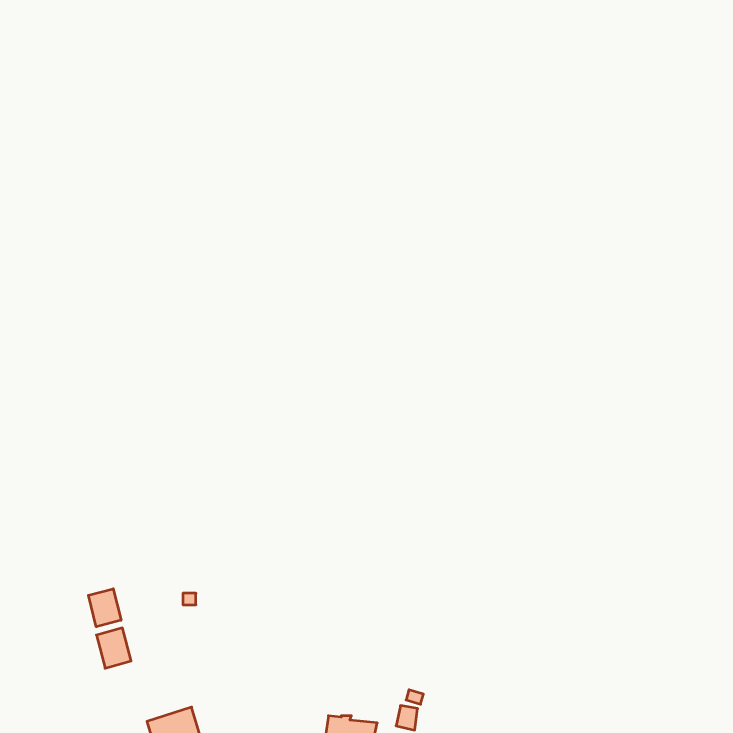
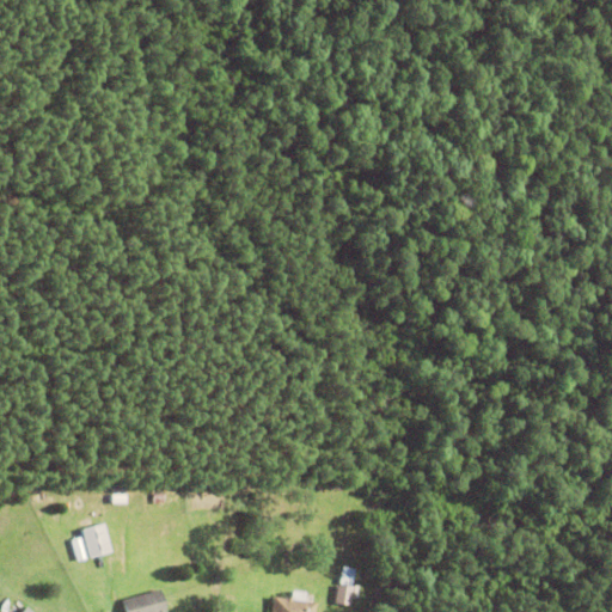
building: [88,589,121,627] -> none

